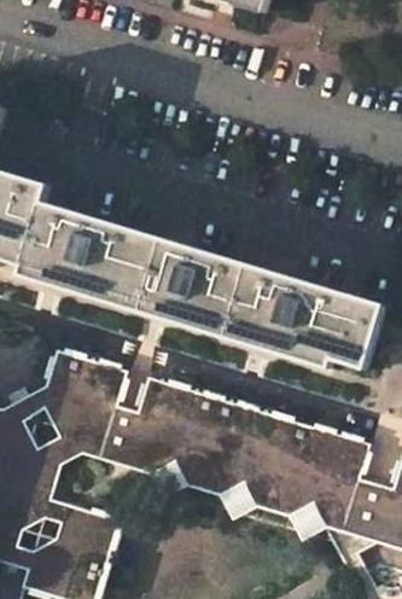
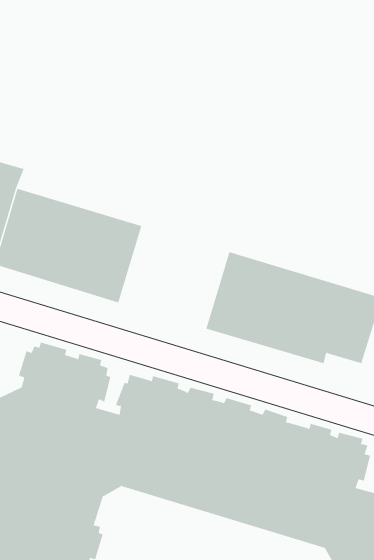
building: [132,235,234,332] -> none

